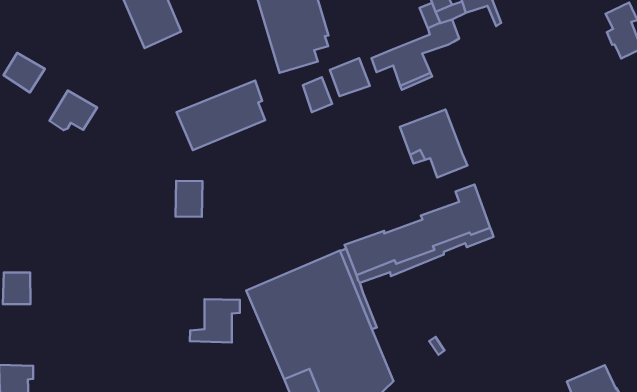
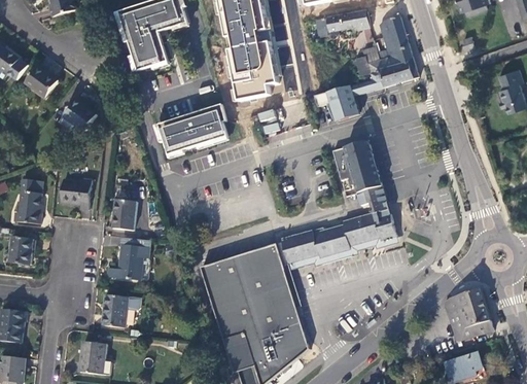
building: none -> [380,62,414,85]
building: [330,58,370,96] -> none
building: none -> [357,185,386,206]
building: [176,181,203,217] -> [112,200,136,230]
building: none -> [60,178,90,209]
building: none -> [14,179,40,224]
building: none -> [445,287,493,340]
building: [190,299,240,343] -> [106,244,148,280]
building: none -> [102,295,129,327]

